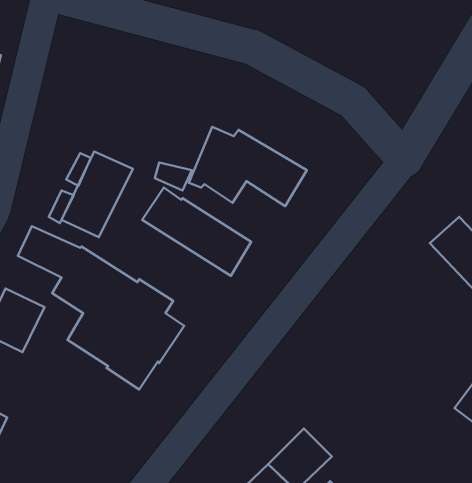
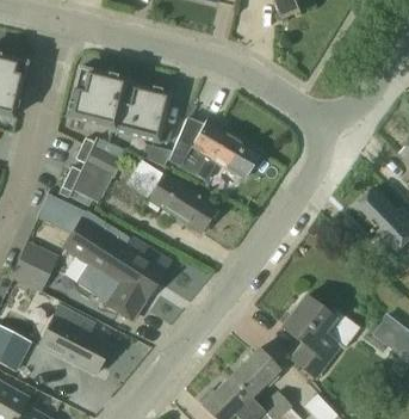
building: none -> [66,68,171,142]
building: none -> [280,296,358,381]
building: none -> [38,306,109,372]

